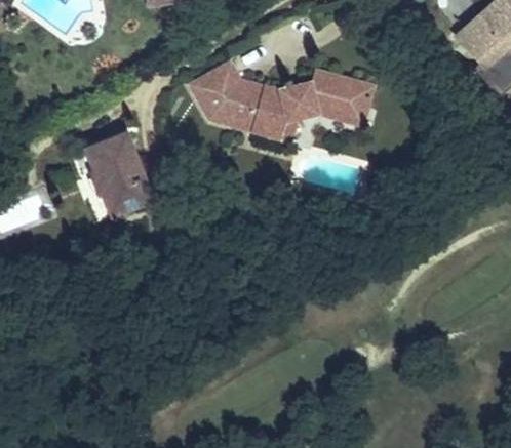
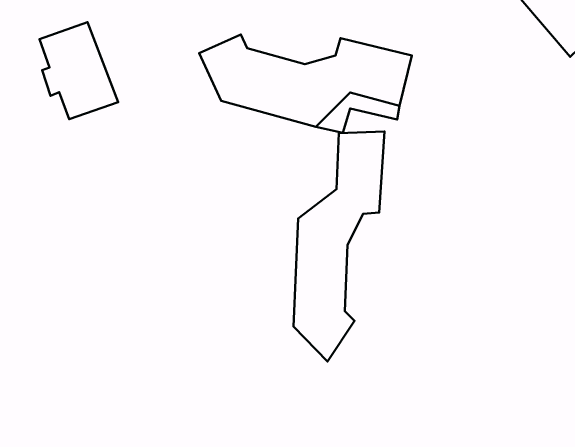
building: [87,132,153,213] -> [40,22,118,119]
building: none -> [293,132,385,362]

